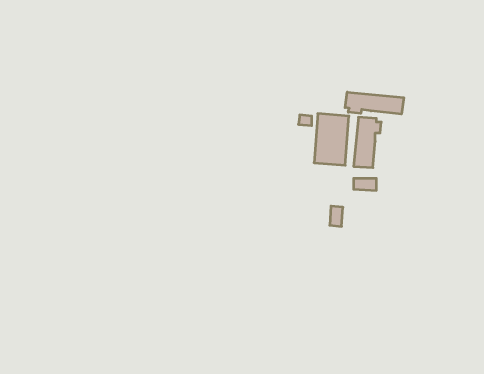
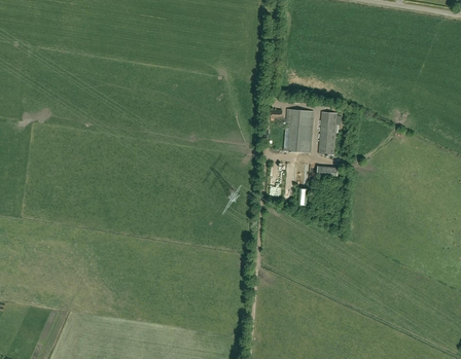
building: [345,92,404,114] -> none

